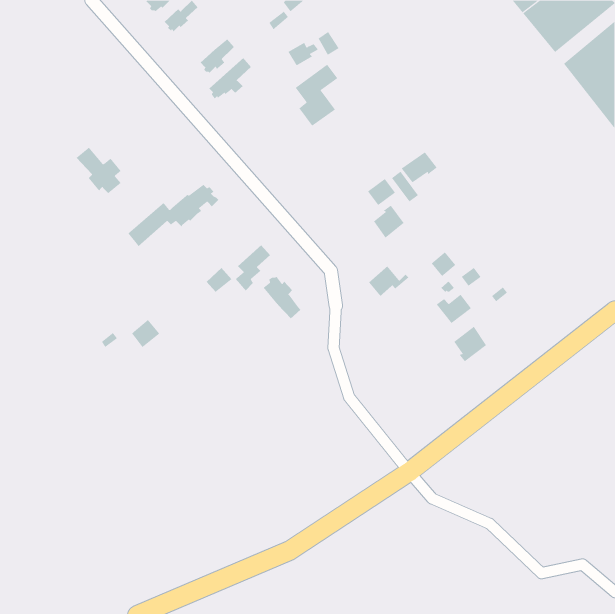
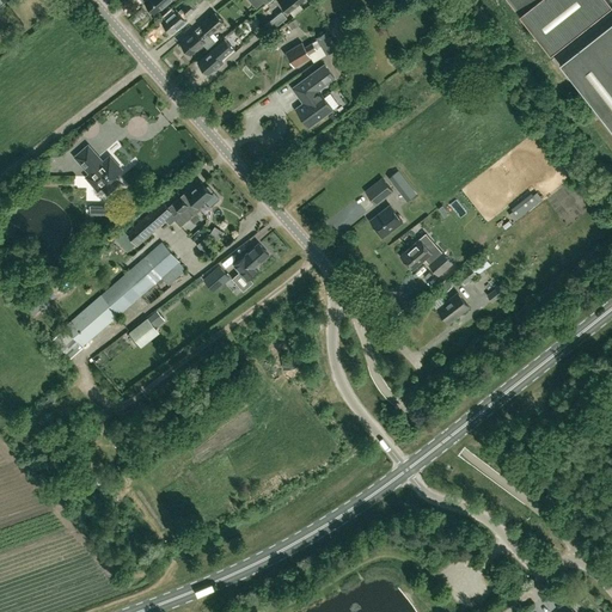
building: [209,57,252,99] -> [182,13,225,55]
building: [401,151,437,183] -> none
building: none -> [65,243,186,347]
building: [368,266,409,297] -> [402,239,442,270]
building: [263,276,301,319] -> none
building: [454,326,487,362] -> none

